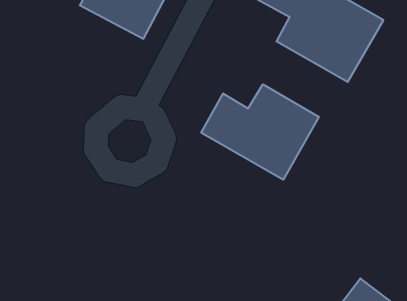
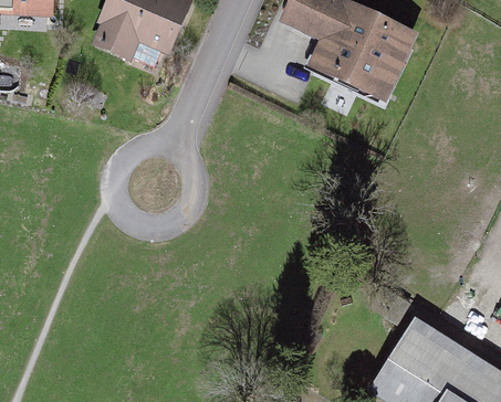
building: [201,84,319,180] -> none

